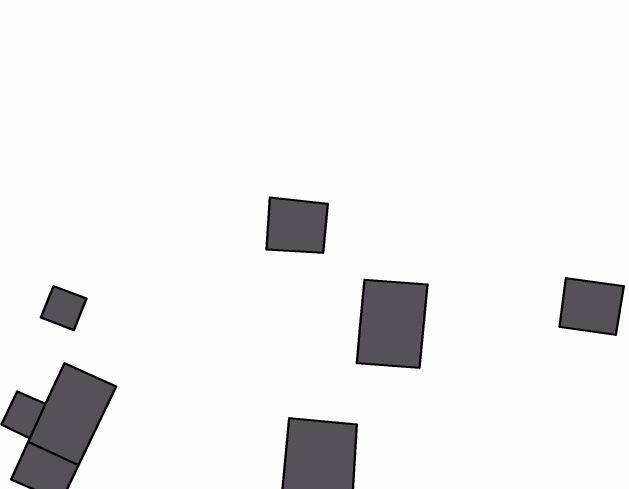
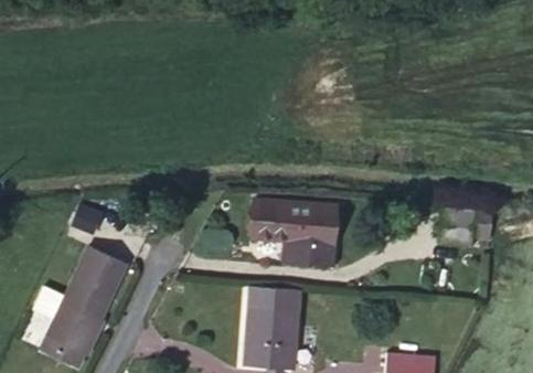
building: [267,198,328,253] -> [254,201,297,239]
building: none -> [86,243,132,280]

